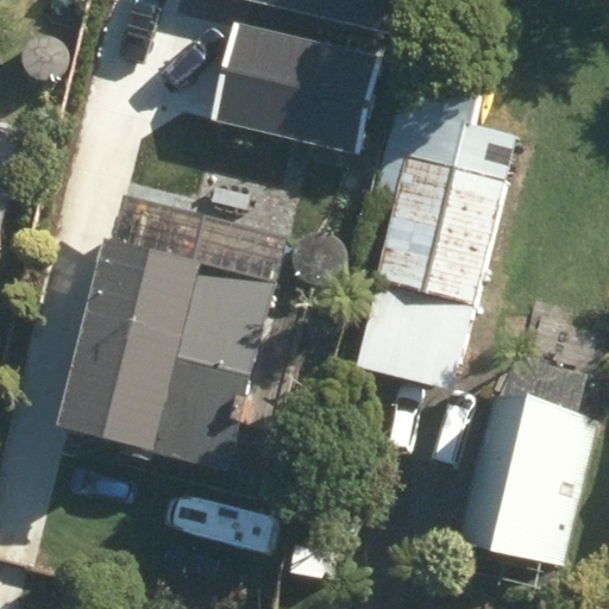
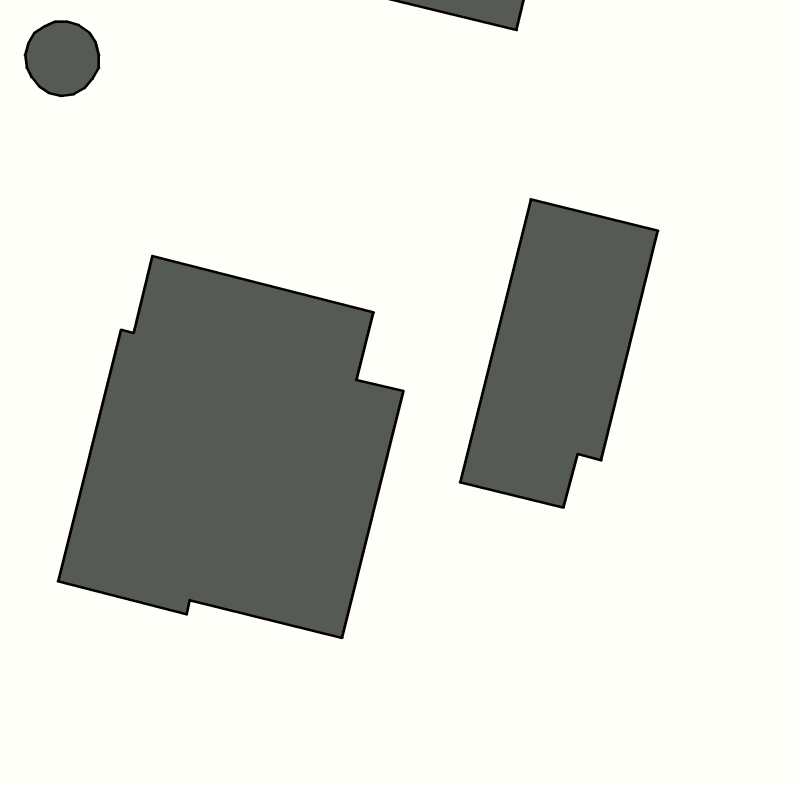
building: [219,11,385,143] -> none
building: [459,393,598,569] -> none

